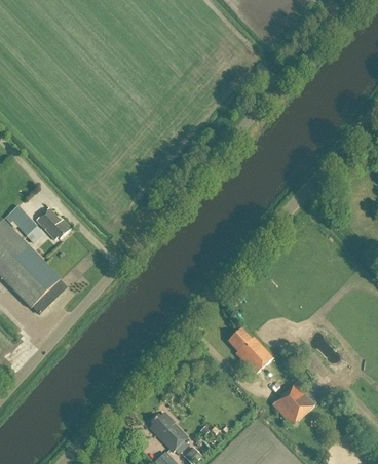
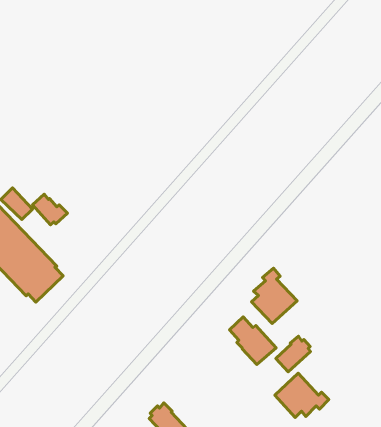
building: none -> [251,268,297,323]
building: none -> [276,336,311,372]

